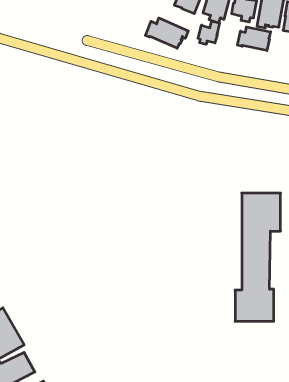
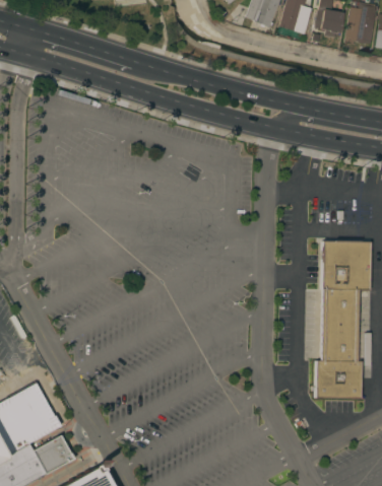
building: [145,18,188,48] -> none
building: [198,21,220,44] -> none
building: [237,27,271,51] -> none

